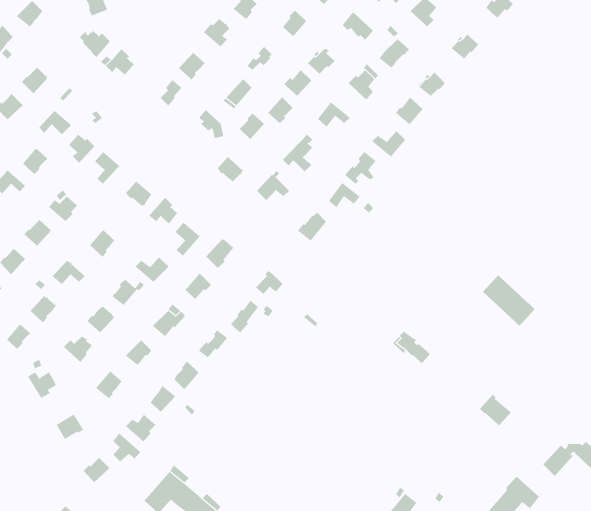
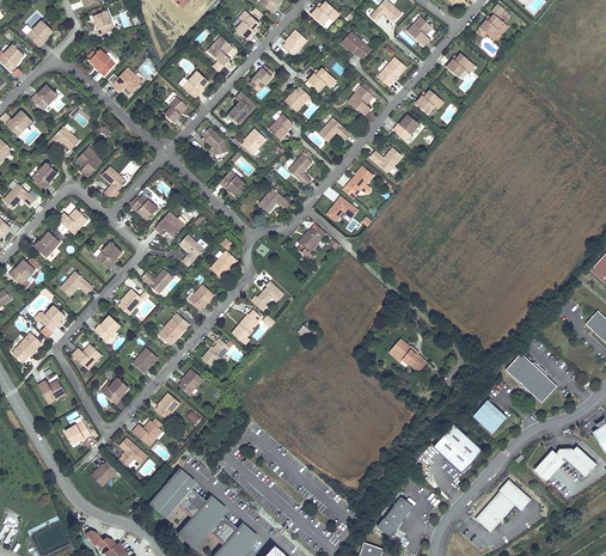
building: [482,275,535,327] -> [506,353,557,403]
building: none -> [433,423,483,472]

